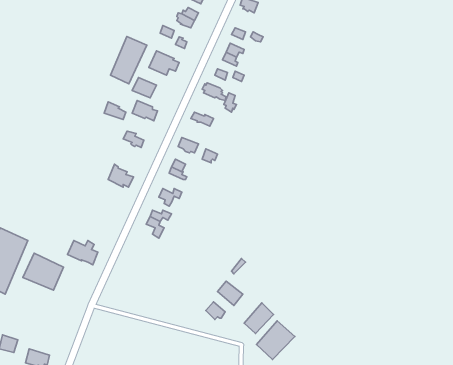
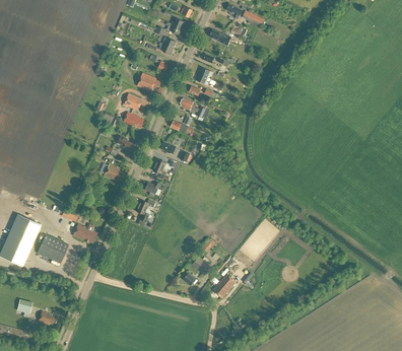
building: [110,37,147,84] -> none
building: [256,321,295,360] -> none

